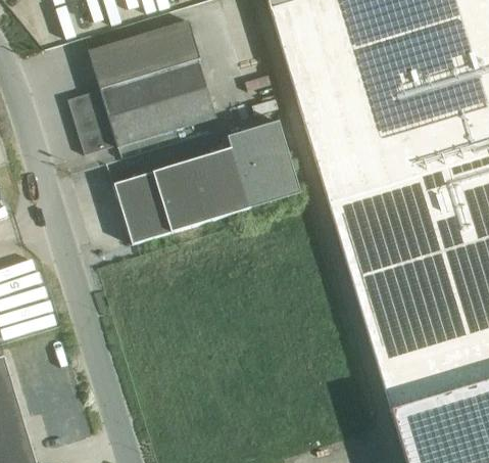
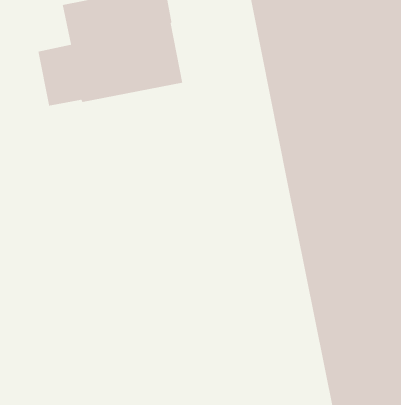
building: [114,121,300,244] -> none

